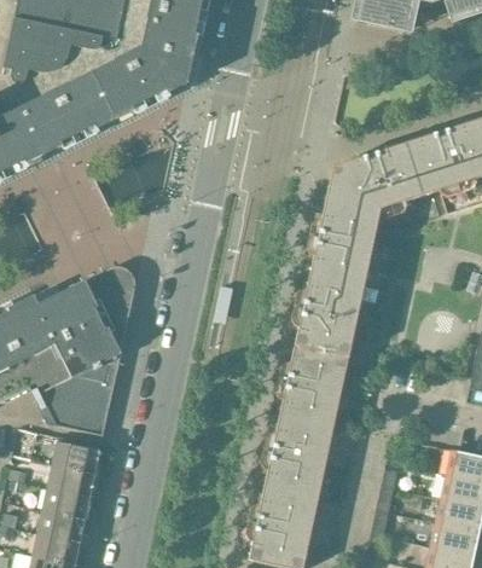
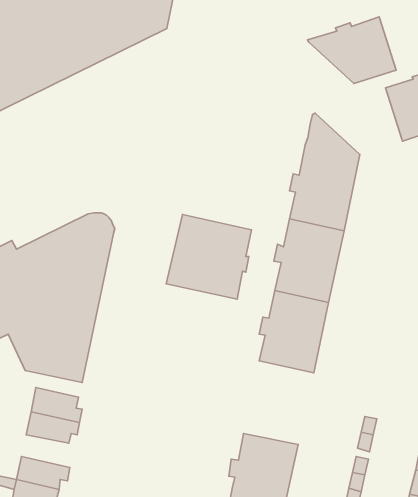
building: [335,141,423,208] -> [308,17,396,83]
building: none -> [166,214,252,299]
building: [265,413,335,497] -> none
building: [43,487,94,520] -> none

